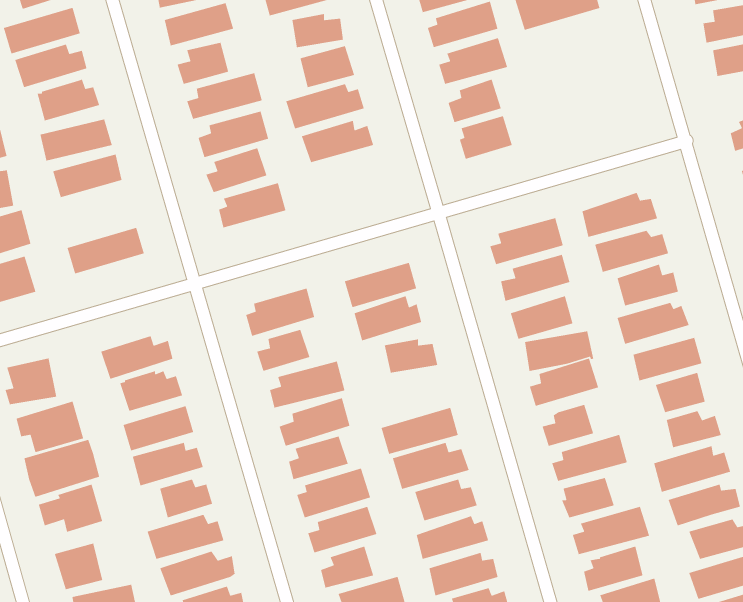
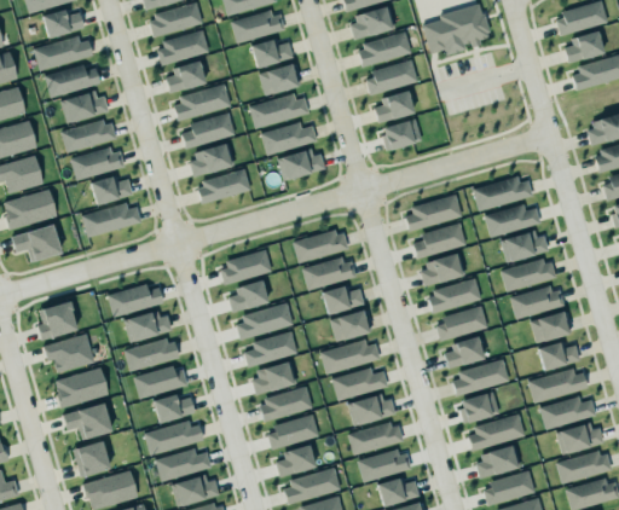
building: none -> [278,149,325,180]
building: none -> [91,174,133,203]
building: none -> [331,311,372,342]

